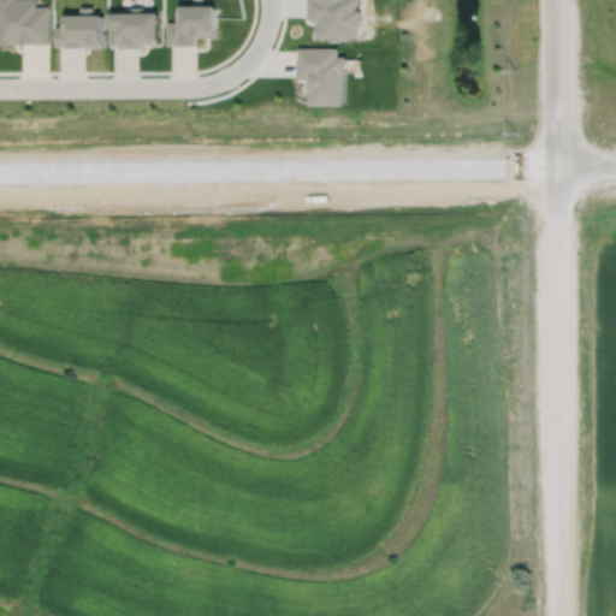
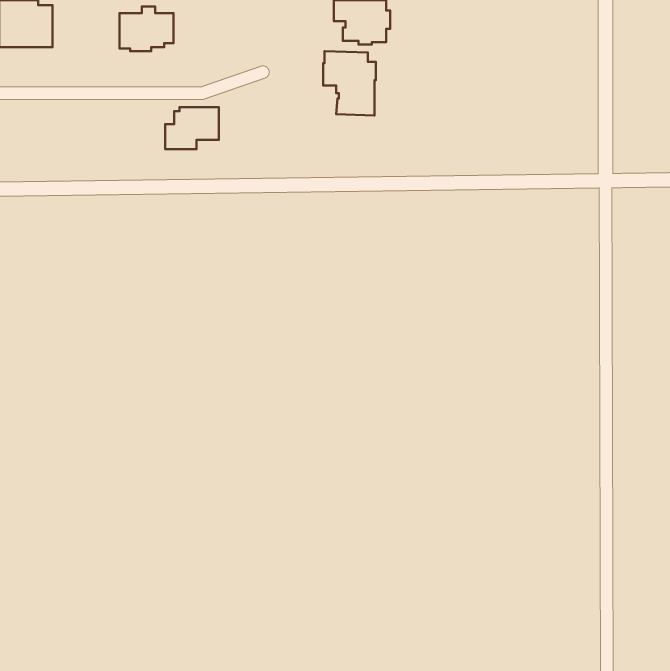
building: [55,6,102,47] -> none
building: [167,6,217,45] -> [165,107,219,149]

